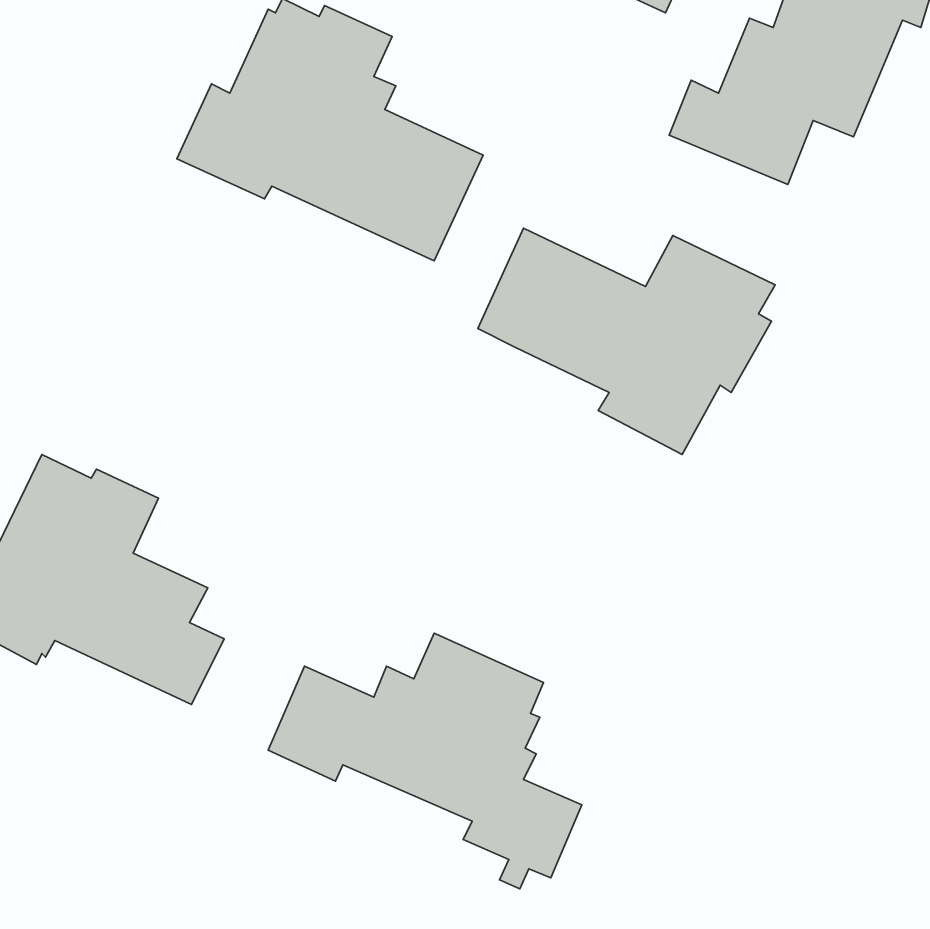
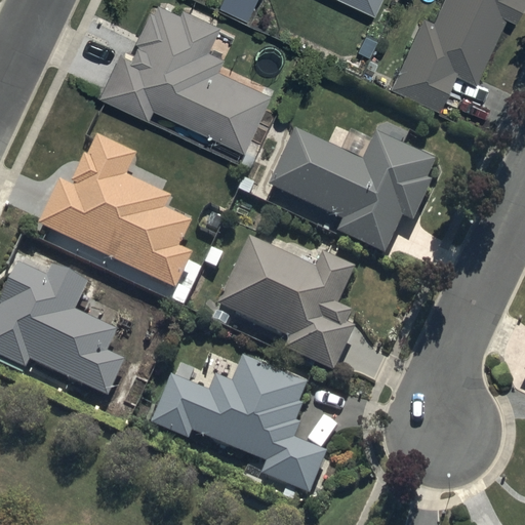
building: none -> [39,134,194,291]
building: none -> [218,236,355,372]

